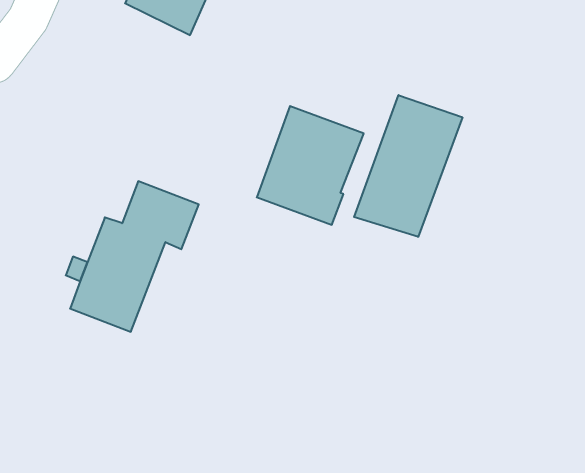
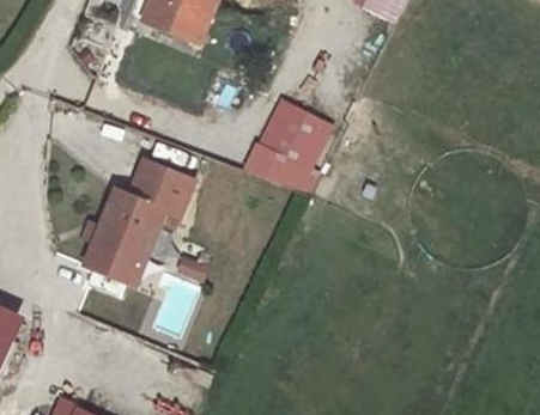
building: [354,95,462,237] -> none

